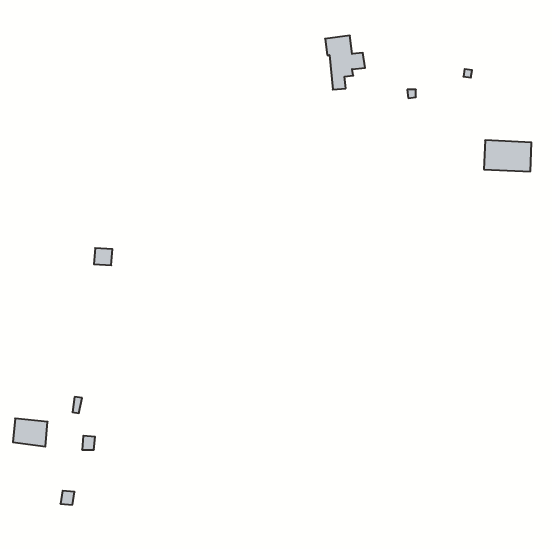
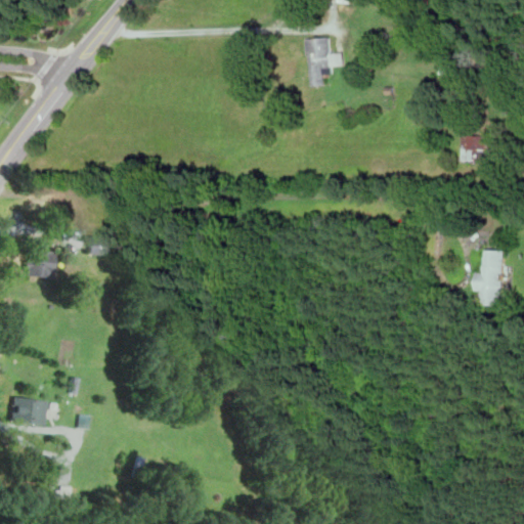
building: none -> [472,250,500,306]
building: none -> [28,252,55,277]

